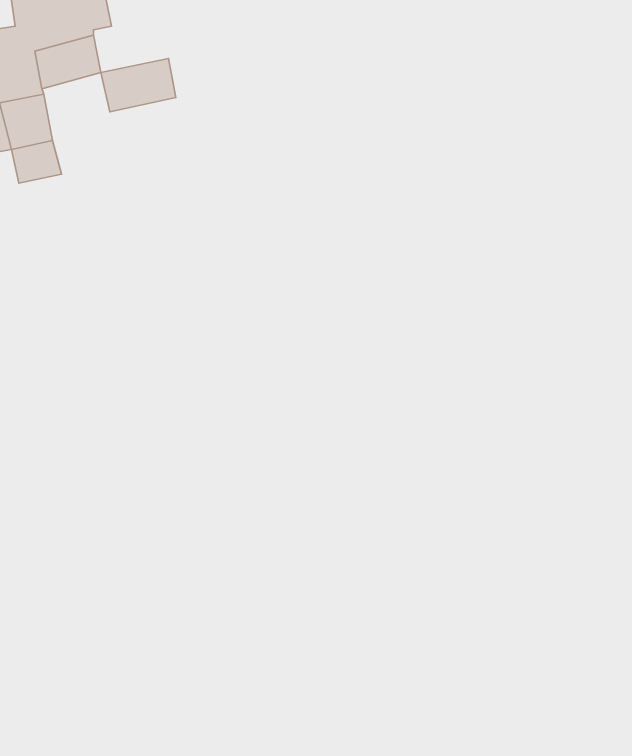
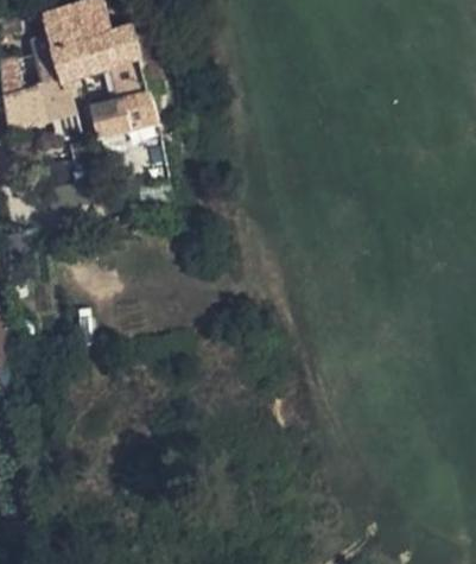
building: none -> [97,31,147,68]
building: none -> [87,91,160,137]

